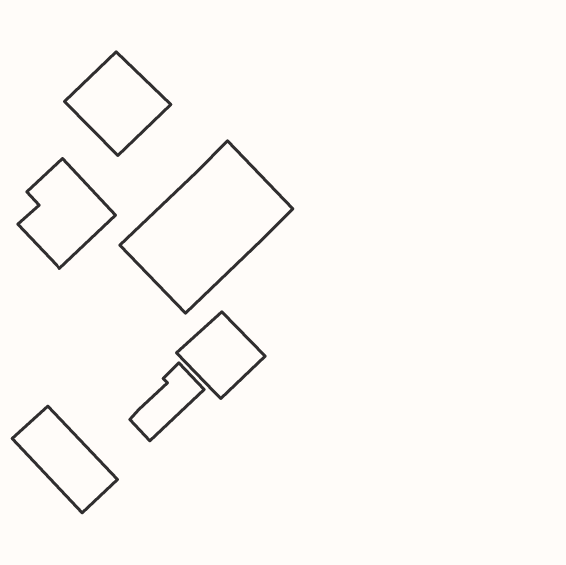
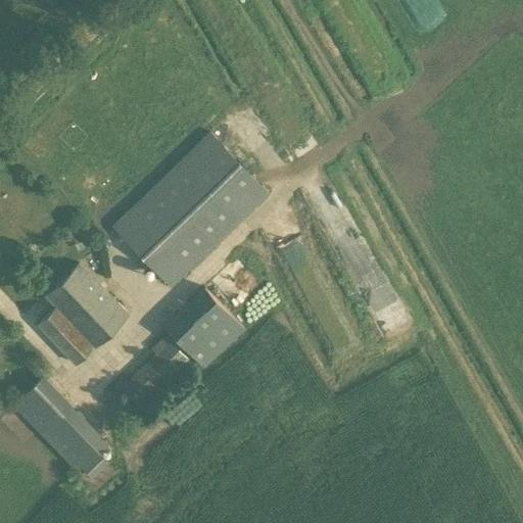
building: [65,52,171,155] -> none
building: [18,159,116,269] -> [38,265,128,366]

